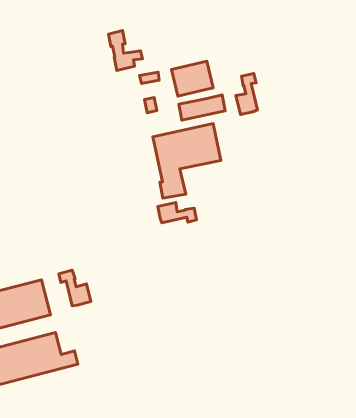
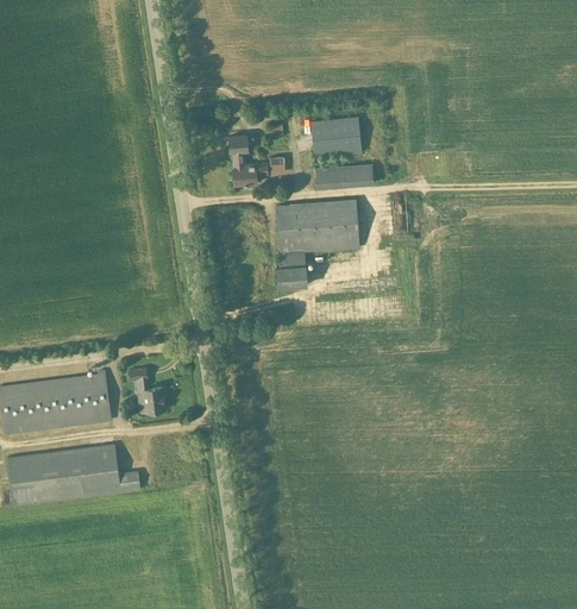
building: [108,30,143,70] -> [228,133,269,184]
building: [236,73,258,114] -> none
building: [158,202,197,223] -> none

